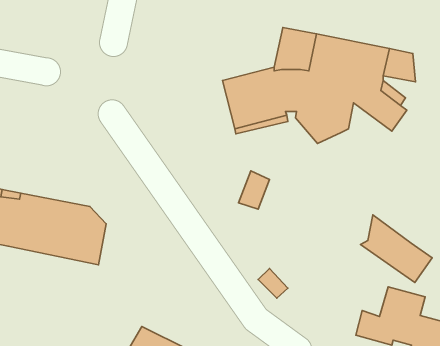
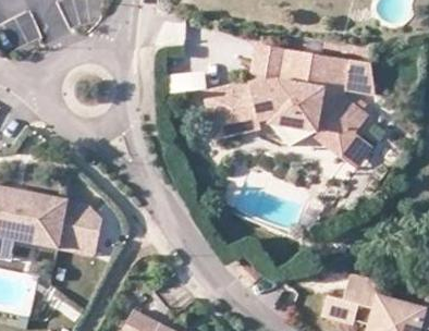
building: [361,215,432,283] -> [308,110,371,170]

